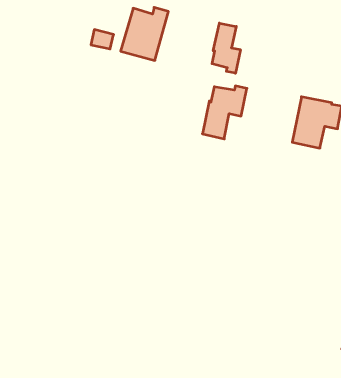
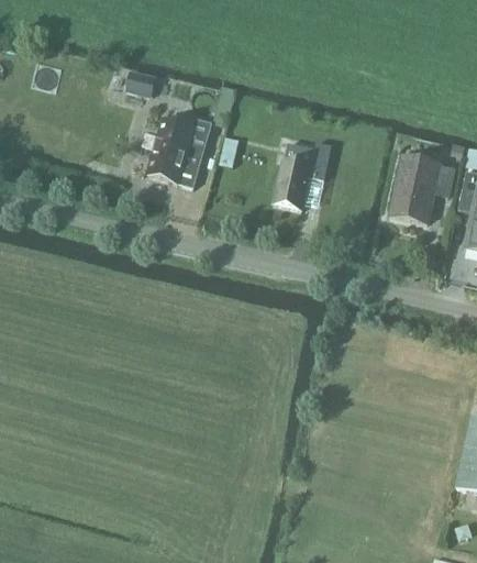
building: [121,7,168,60] -> [149,117,212,186]
building: [212,23,240,73] -> none

